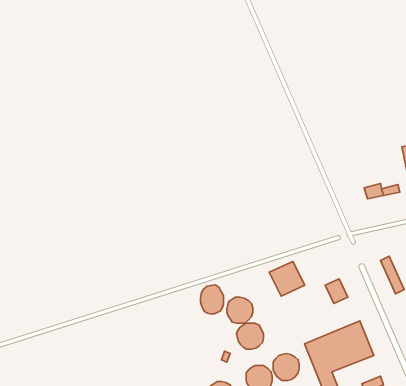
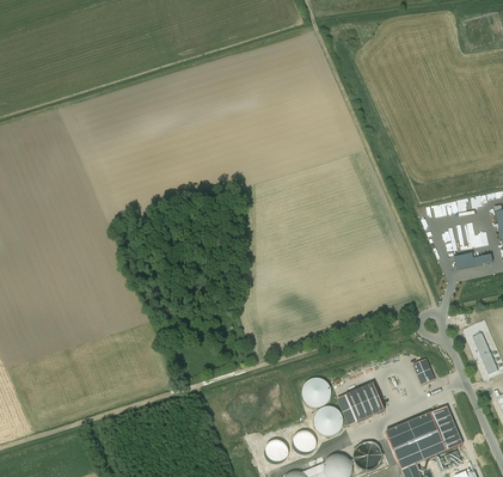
building: [269,261,305,296] -> [346,381,386,420]
building: [201,285,223,314] -> none

